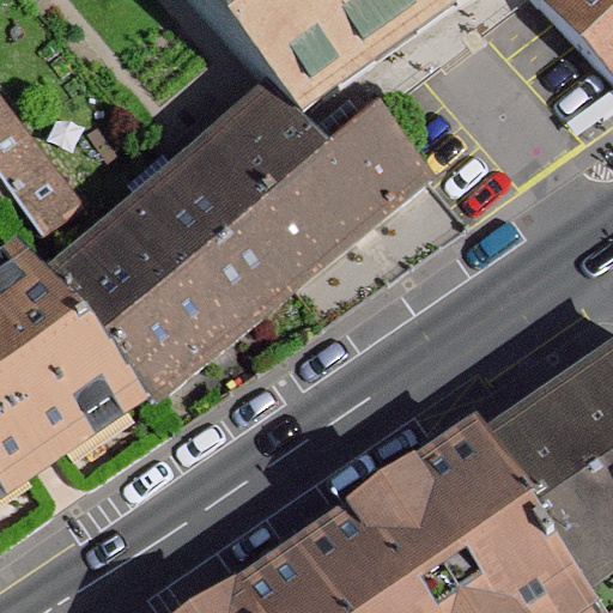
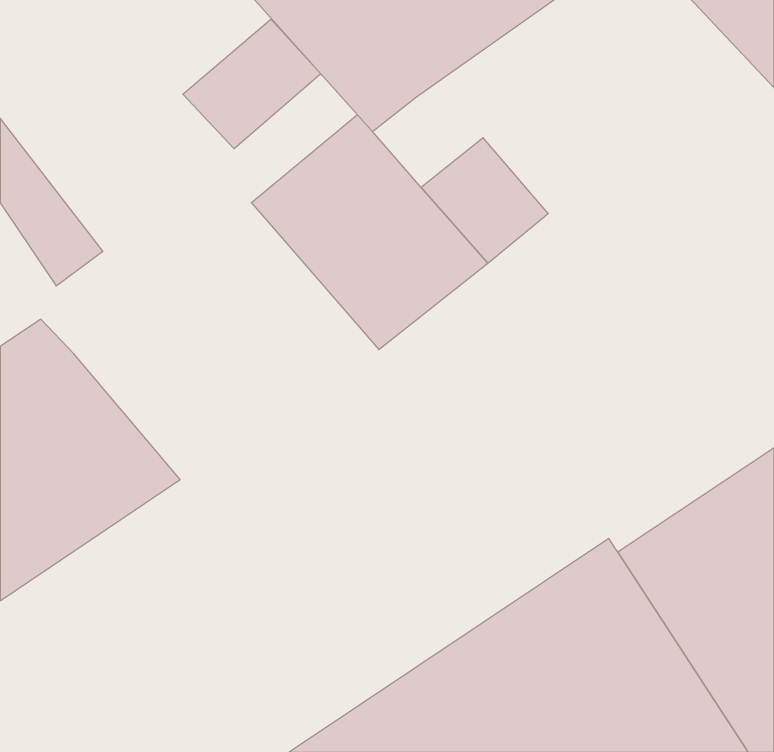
building: none -> [183,19,321,149]
building: [59,160,299,394] -> none

